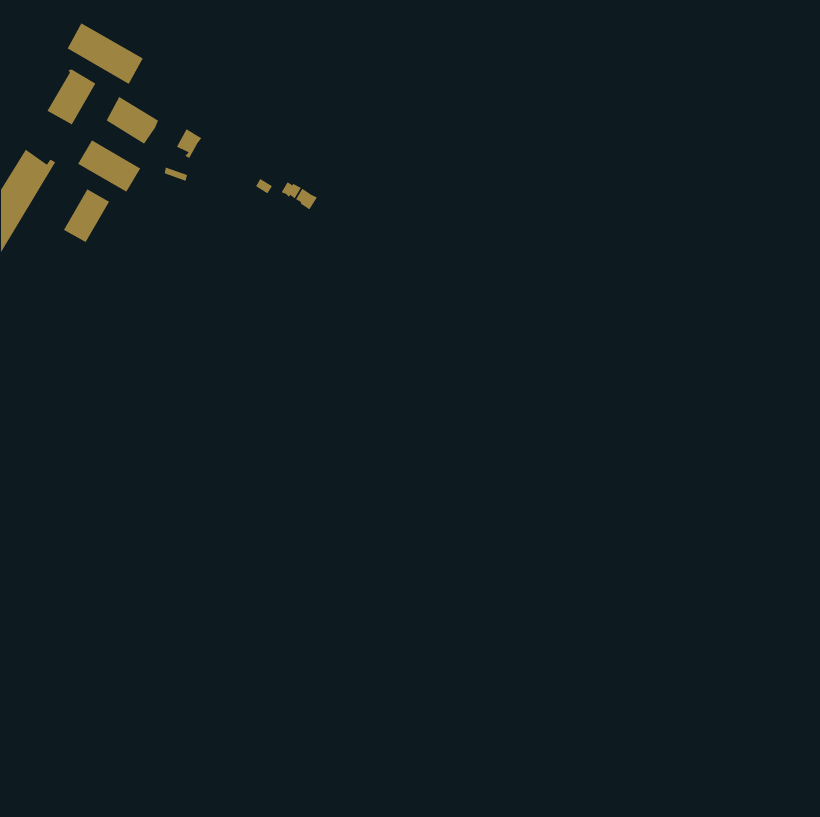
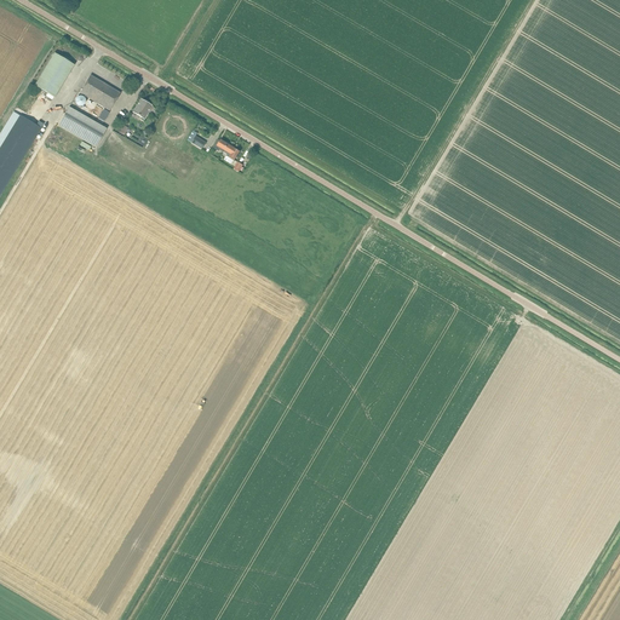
building: [67,22,144,85] -> none
building: [63,189,110,243] -> none

